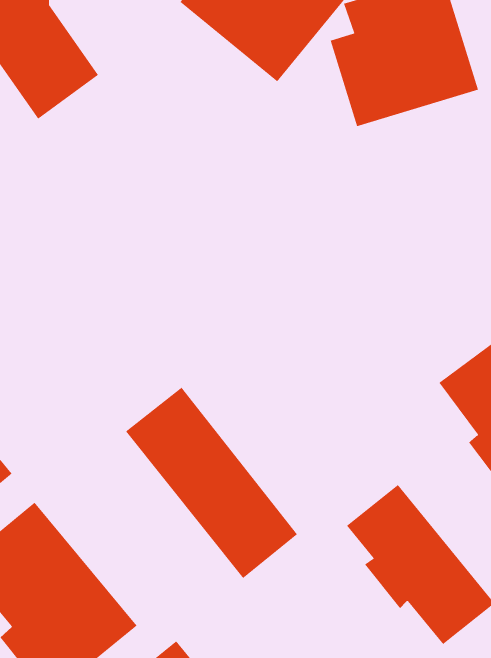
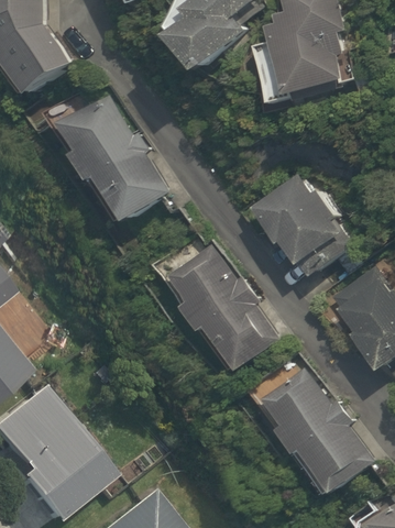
building: none -> [64,95,178,232]
building: none -> [257,167,364,282]
building: [125,387,298,579] -> [162,240,289,382]

